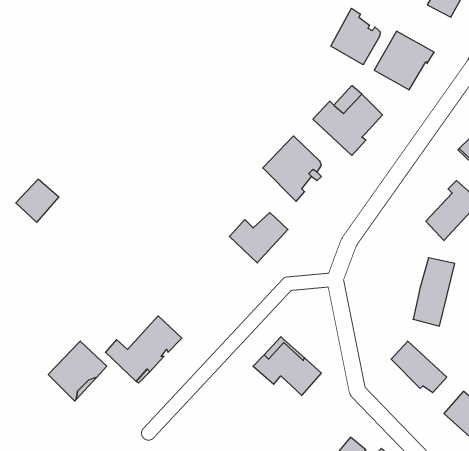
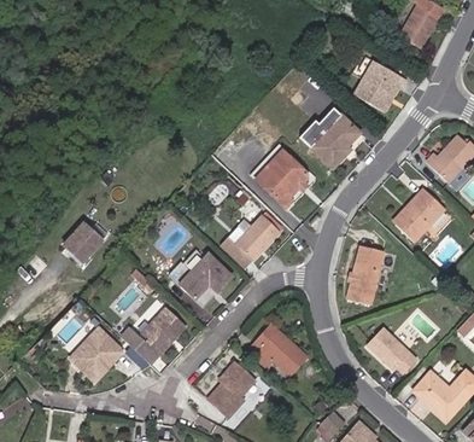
building: [331,8,380,65] -> none
building: [16,179,59,222] -> [65,222,103,260]
building: none -> [177,254,232,299]
building: [413,258,455,326] -> [347,244,384,303]
building: none -> [209,361,254,414]

